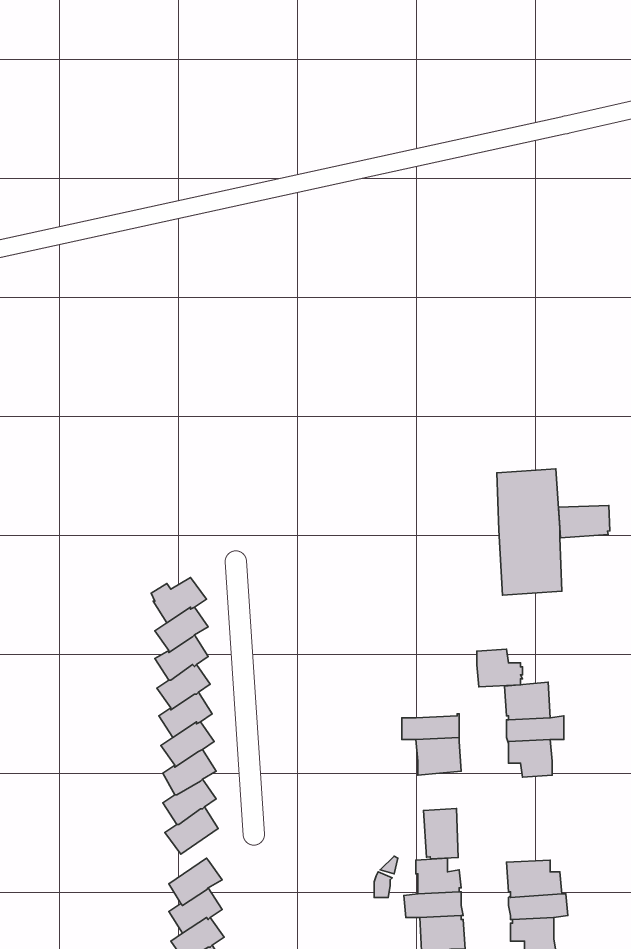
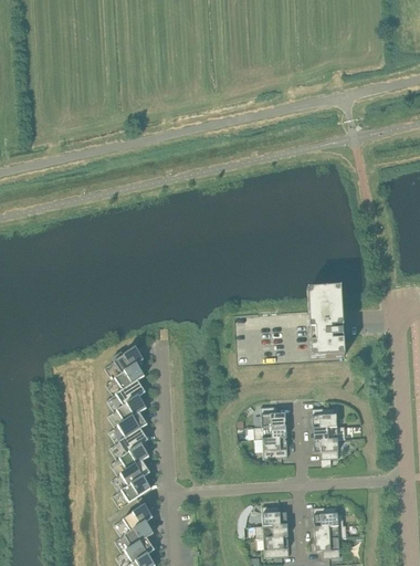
building: [559,505,610,538] -> none
building: [477,649,522,687] -> [261,405,286,426]
building: [423,809,458,859] -> none

